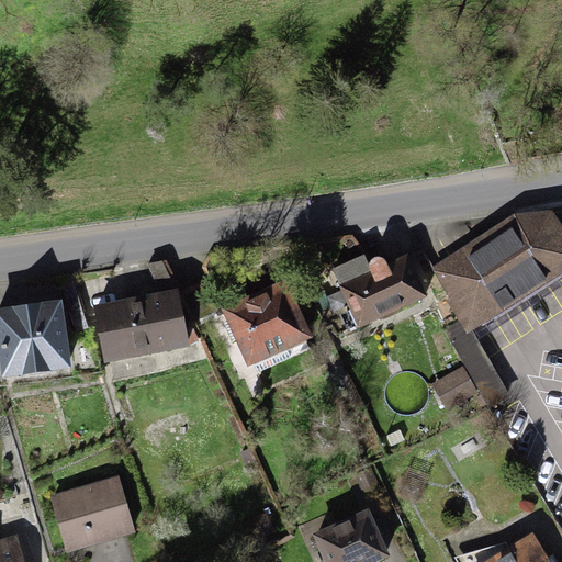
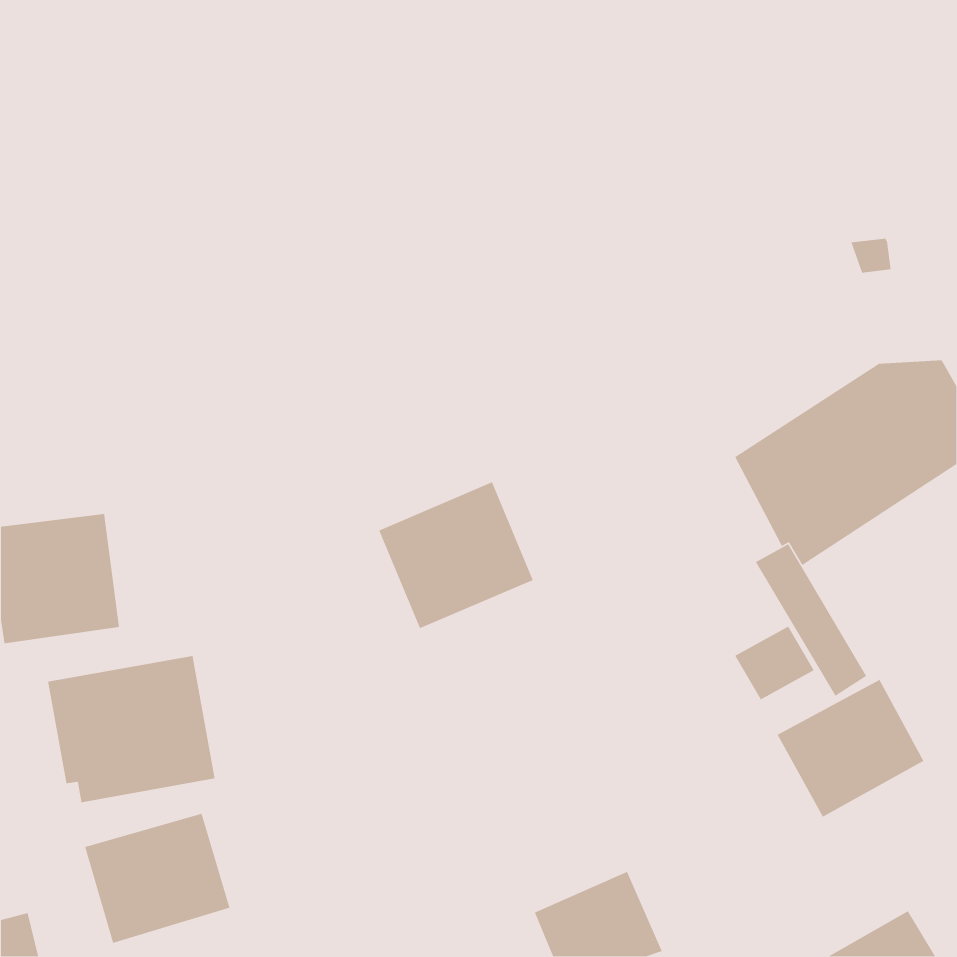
building: [331,255,427,331] -> none
building: [93,290,192,376] -> [47,655,216,803]
building: none -> [776,679,925,818]

